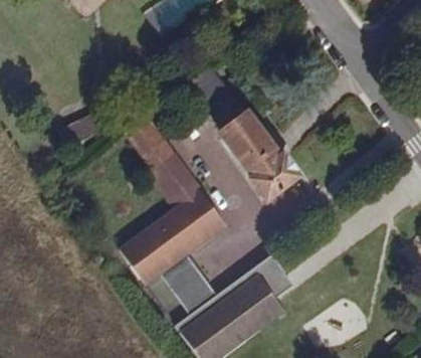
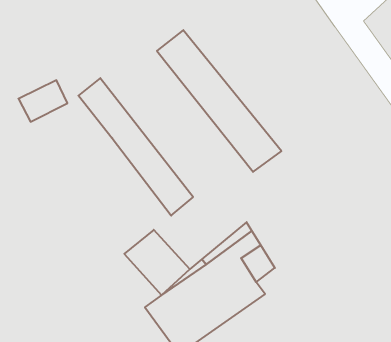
building: [111,163,197,281] -> none

